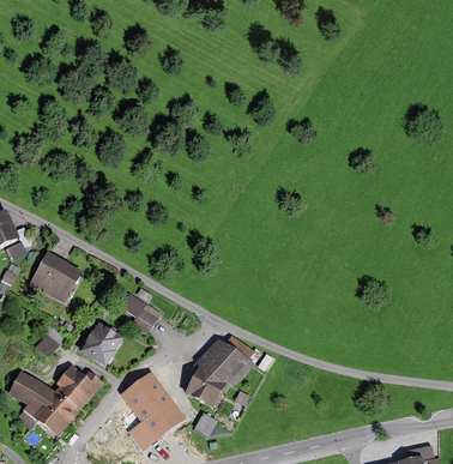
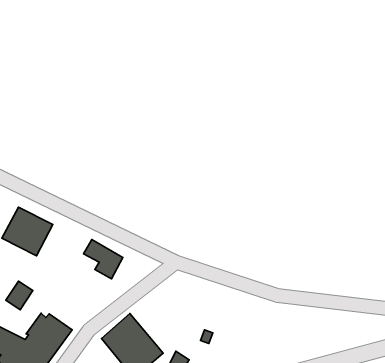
building: [85,325,128,368] -> none
building: [193,337,254,410] -> none

